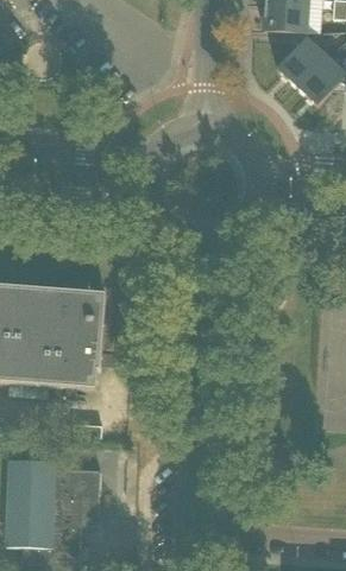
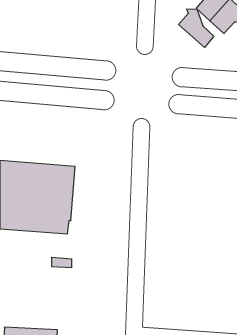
building: none -> [179,9,214,47]
building: [7,457,101,522] -> none

